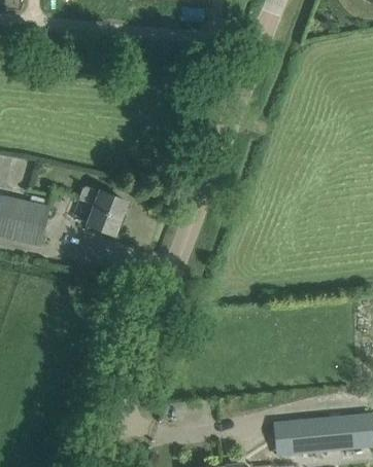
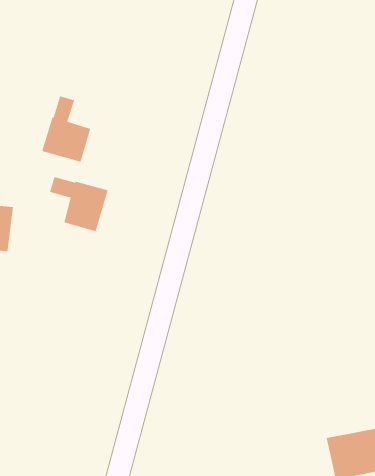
building: none -> [42,96,91,163]

